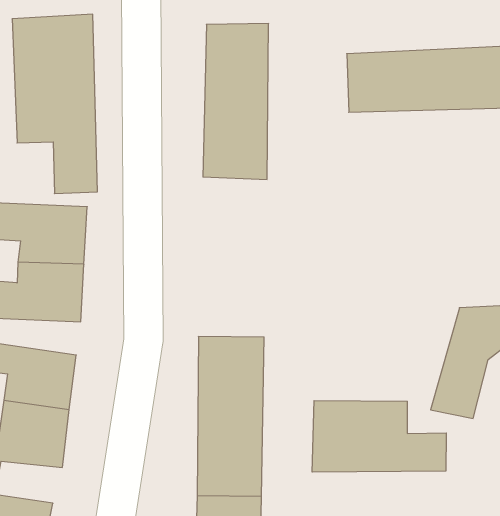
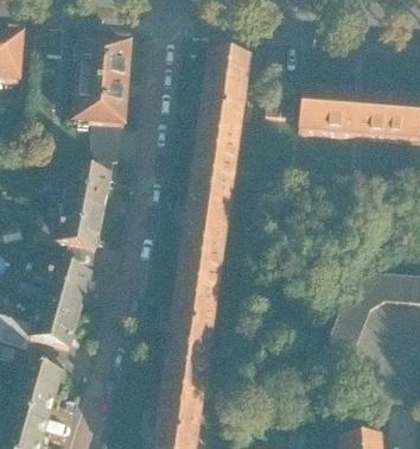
building: none -> [176,159,236,274]
building: [312,401,446,472] -> none

